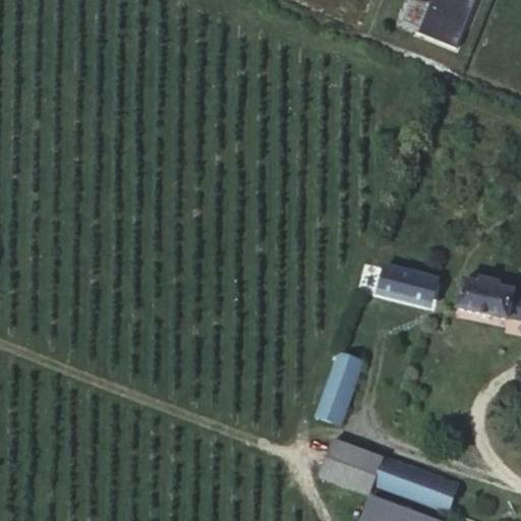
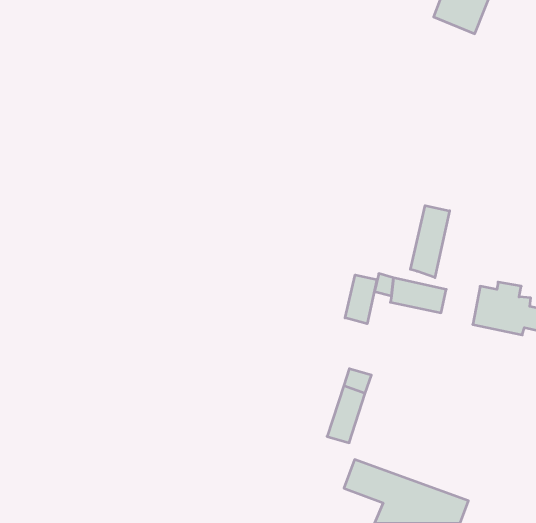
building: none -> [410,206,450,278]
building: none -> [345,275,377,324]

